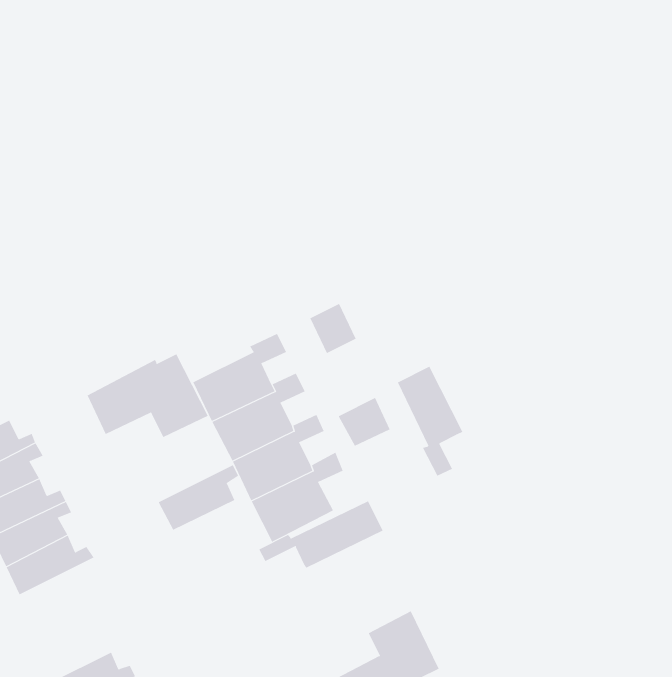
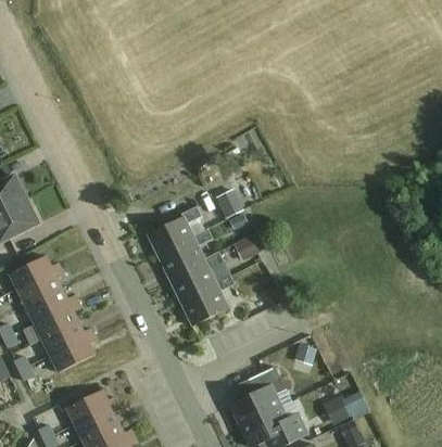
building: [87,354,209,438] -> none
building: [397,366,463,477] -> none
building: [158,464,239,530] -> [49,334,96,372]
building: [258,501,383,568] -> none

